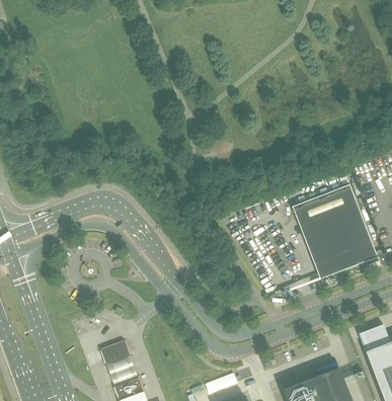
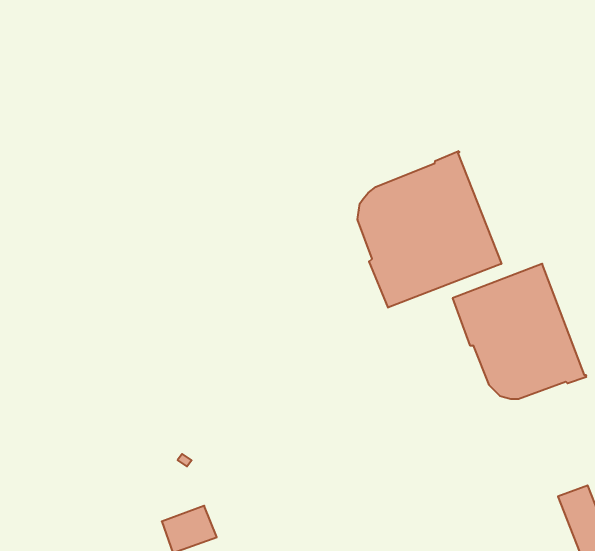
building: none -> [358,151,501,308]

